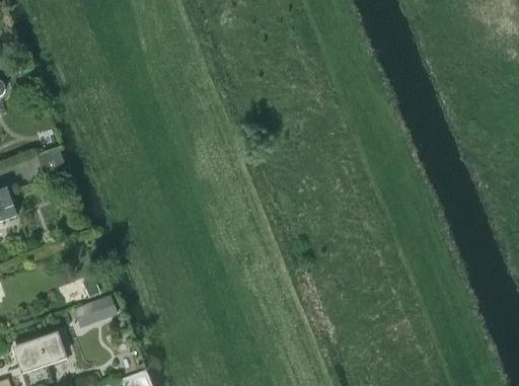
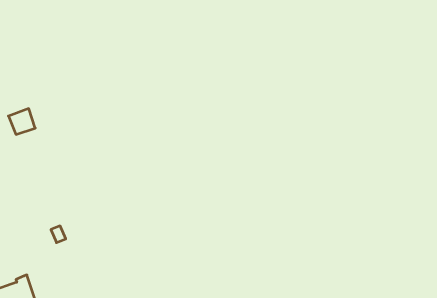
building: [73,297,115,325] -> none

